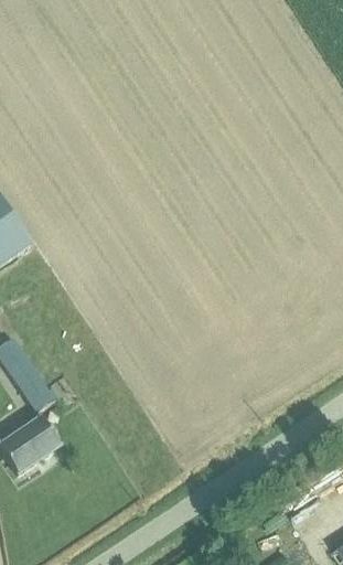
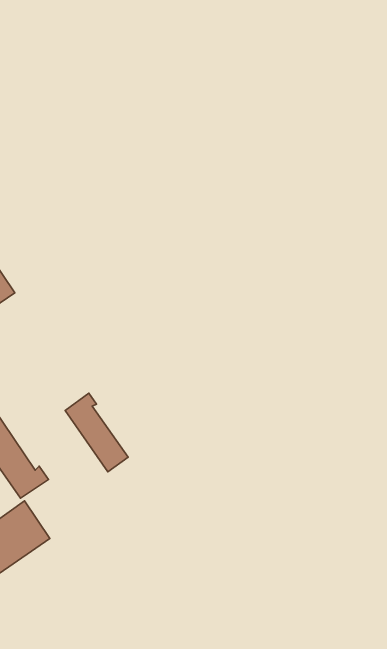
building: none -> [65,393,128,472]

